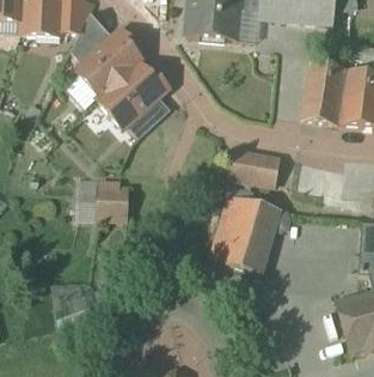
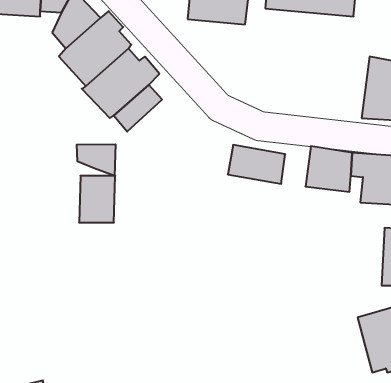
building: [306,56,350,123] -> none
building: none -> [77,144,115,176]
building: [207,191,277,270] -> none

